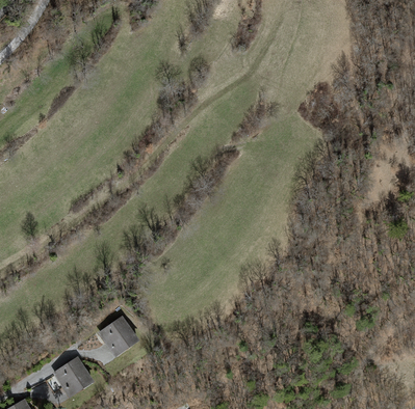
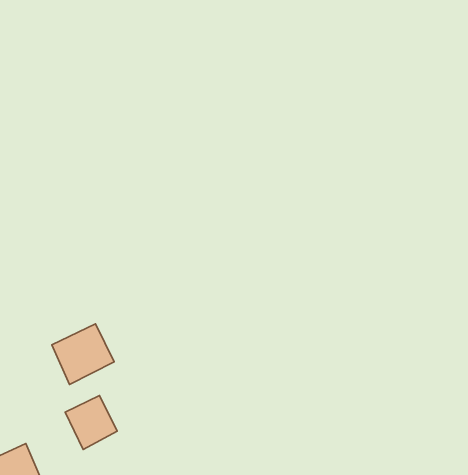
building: none -> [52,324,114,384]

